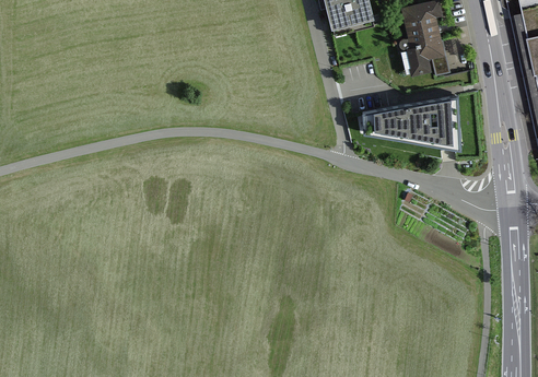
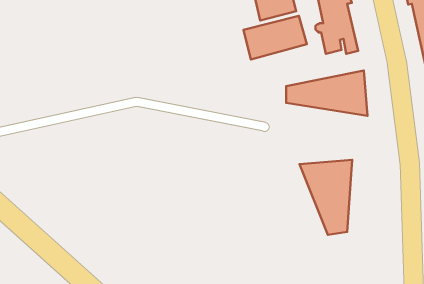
building: none -> [243,16,307,59]
building: none -> [299,160,352,235]

